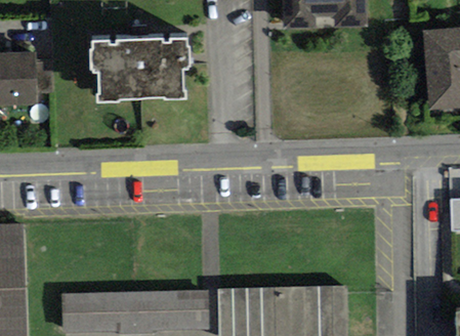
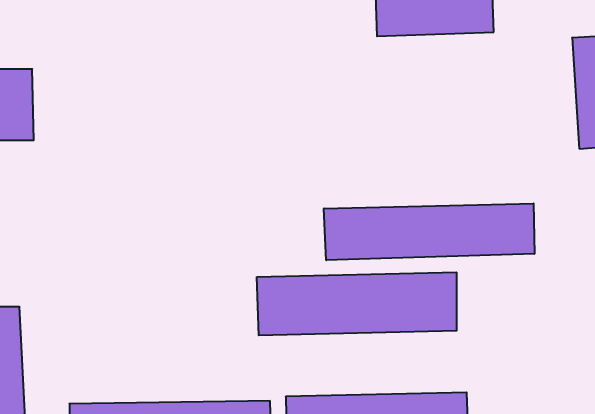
building: [88,38,189,103] -> none
building: none -> [324,203,534,260]
building: none -> [257,272,457,335]

